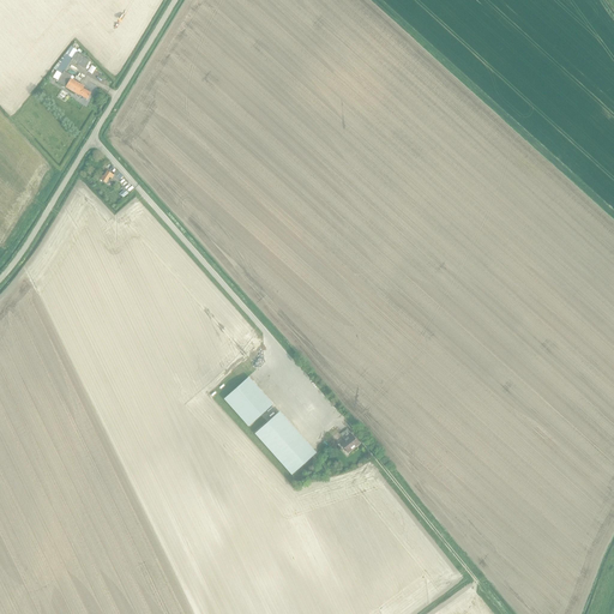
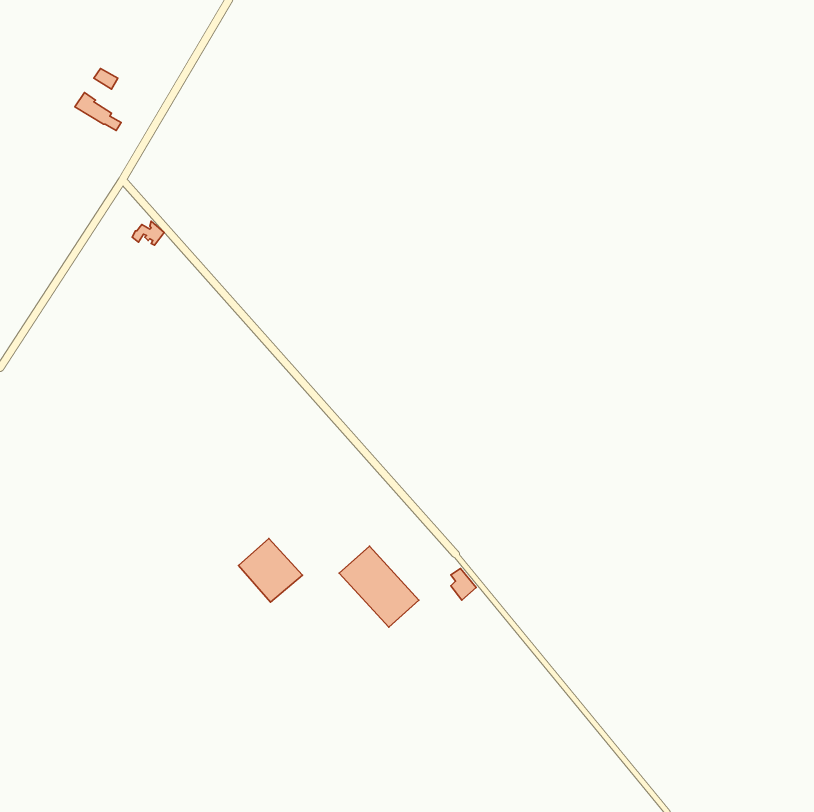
building: [224,377,272,425] -> [239,539,302,602]

